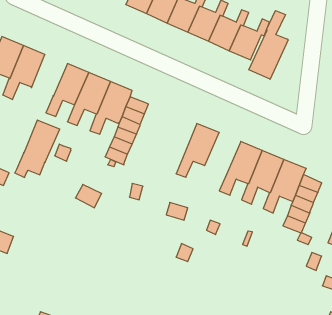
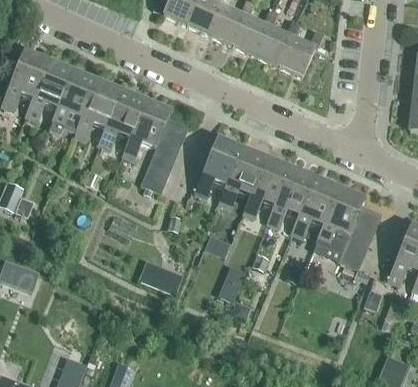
building: [249,11,288,79] -> none
building: none -> [195,136,242,196]
building: [15,120,60,177] -> [48,69,98,133]
building: none -> [243,156,291,216]
building: none -> [152,265,183,295]

